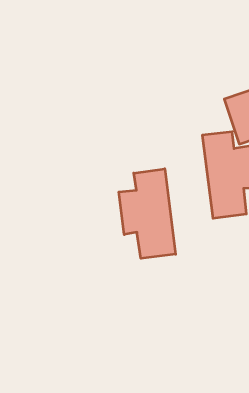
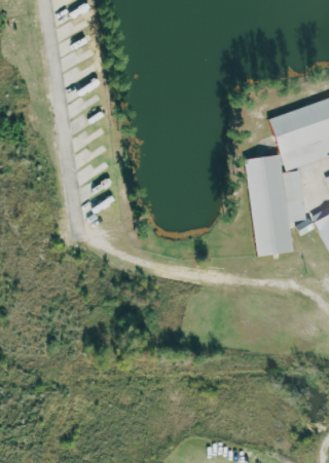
building: [119,169,176,258] -> none

